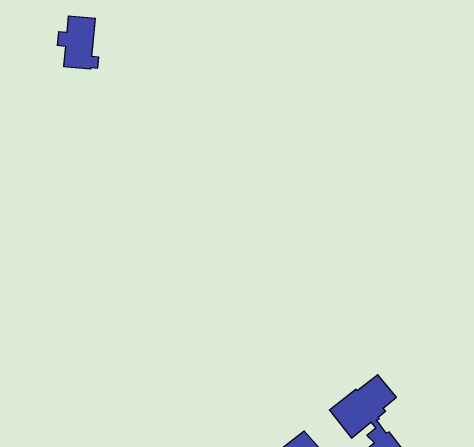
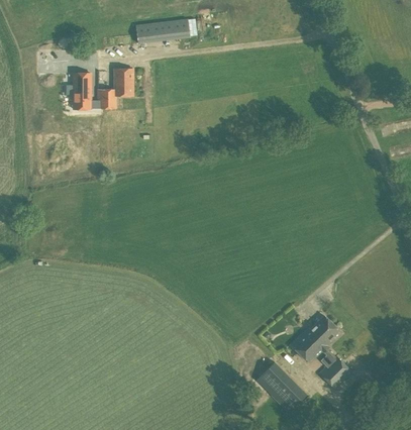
building: none -> [97,68,134,108]

